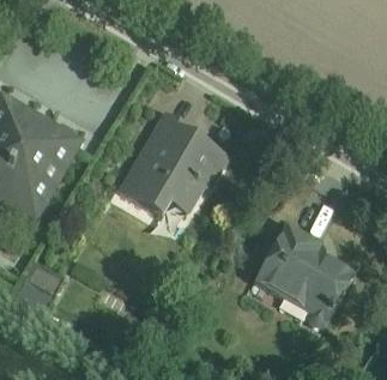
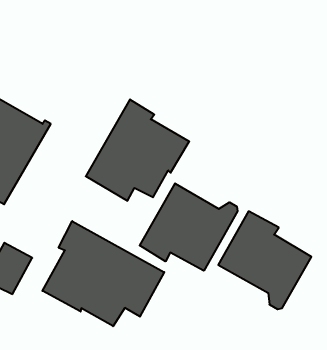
building: none -> [140,183,237,271]
building: none -> [42,221,164,326]

